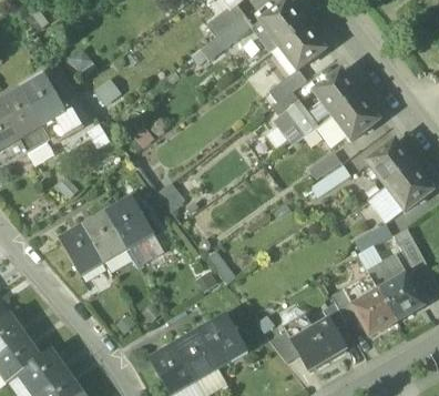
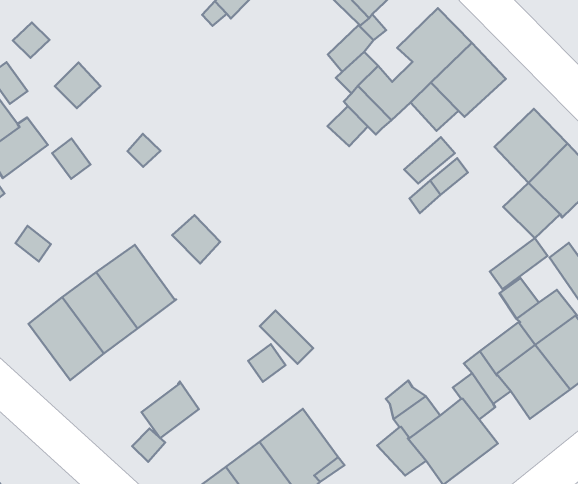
building: [127,232,164,266] -> [141,382,199,438]

